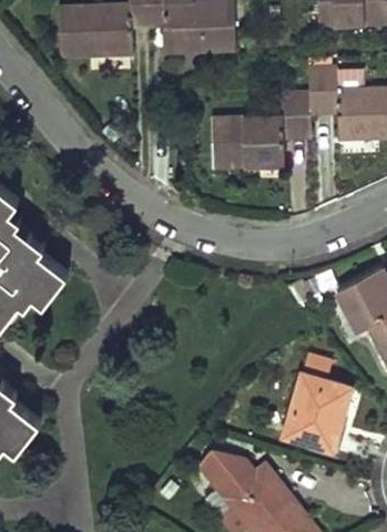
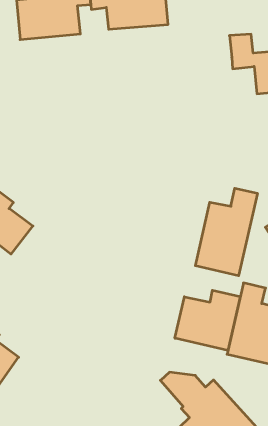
building: [213,94,312,168] -> none
building: none -> [195,188,257,276]
building: none -> [175,290,240,350]

